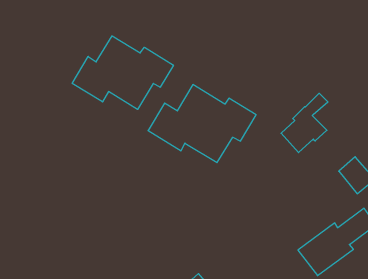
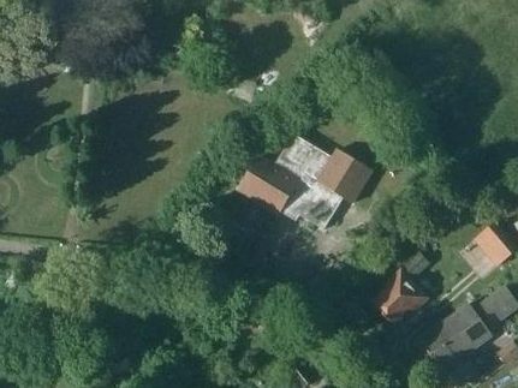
building: [72,36,173,109] -> none
building: [281,93,328,153] -> [370,250,428,323]

